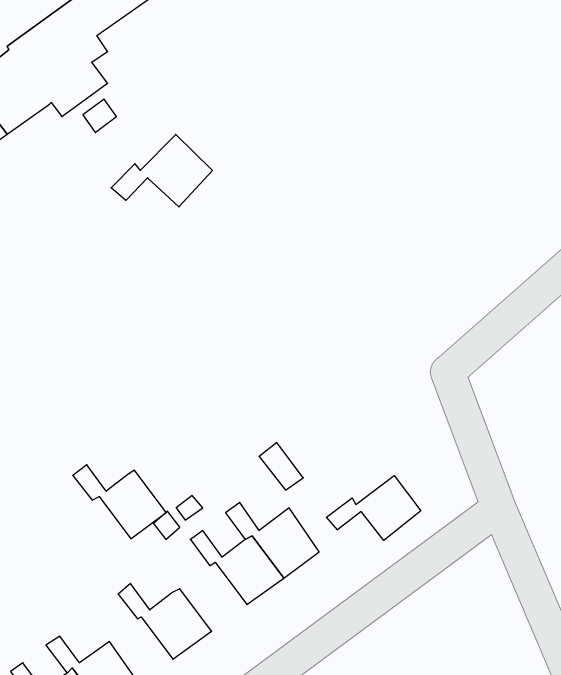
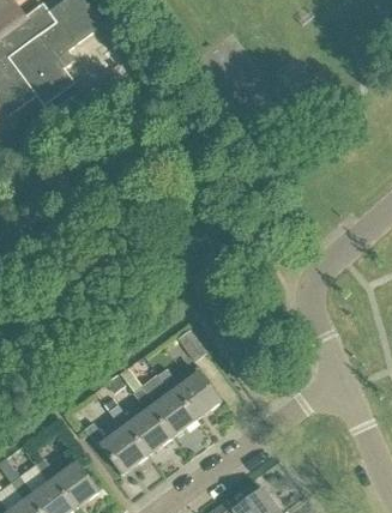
building: [111,134,212,207] -> none
building: [73,465,166,539] -> [107,405,170,455]
building: [326,476,421,540] -> none

